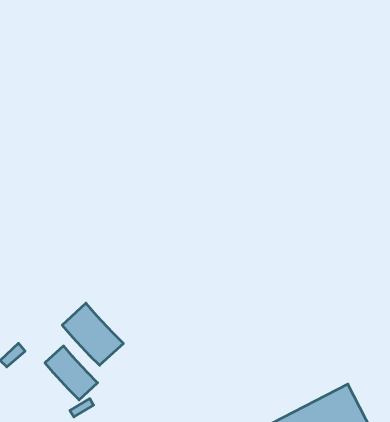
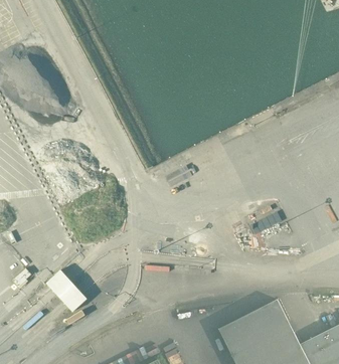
building: [62,303,123,365] -> none

